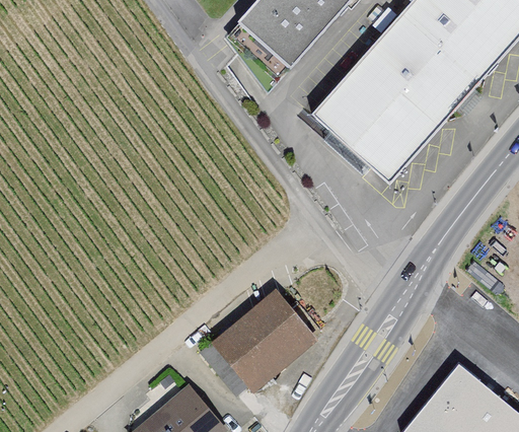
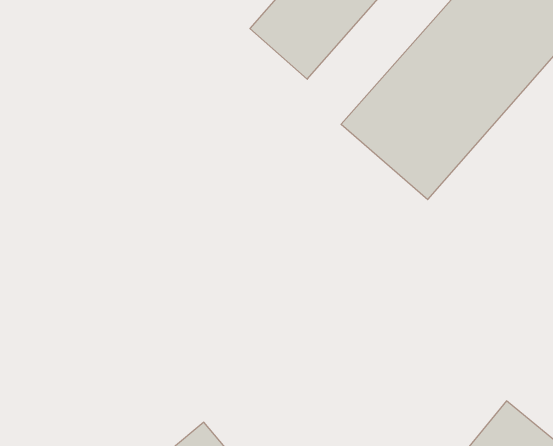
building: [212,288,317,391] -> none

